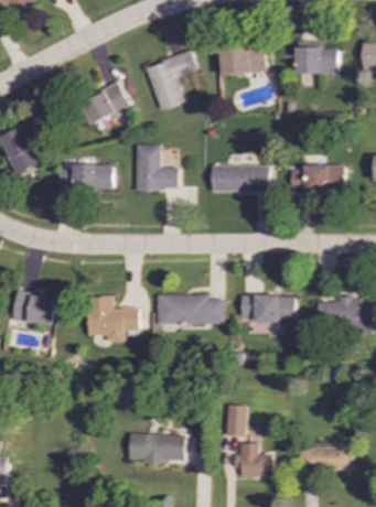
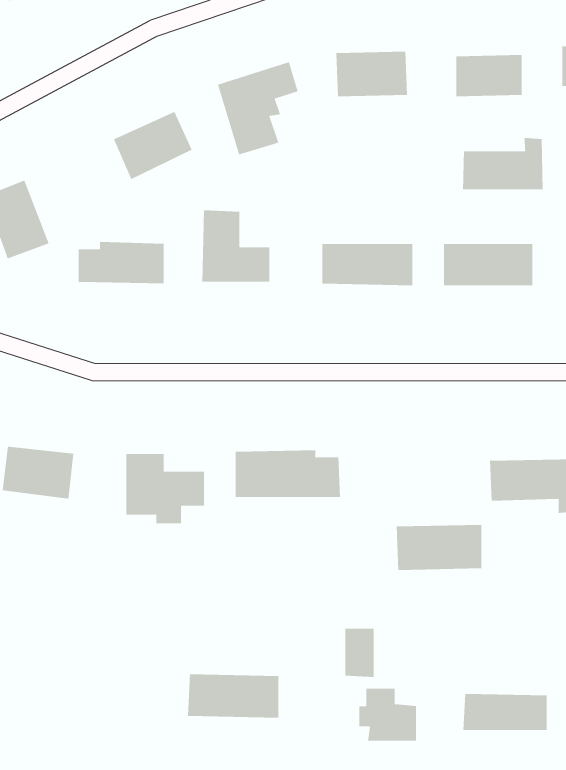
building: none -> [462,137,543,190]
building: [240,293,294,322] -> [396,525,482,570]

